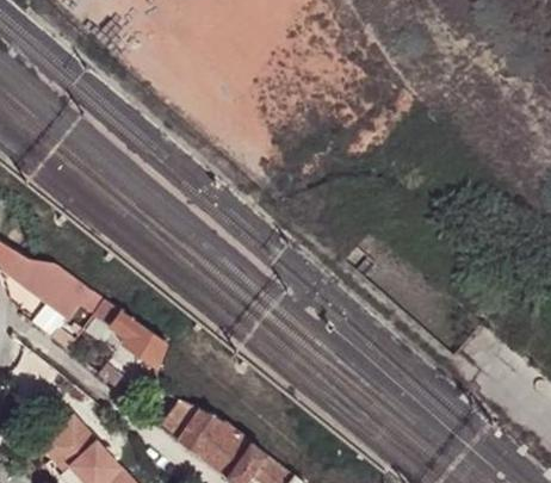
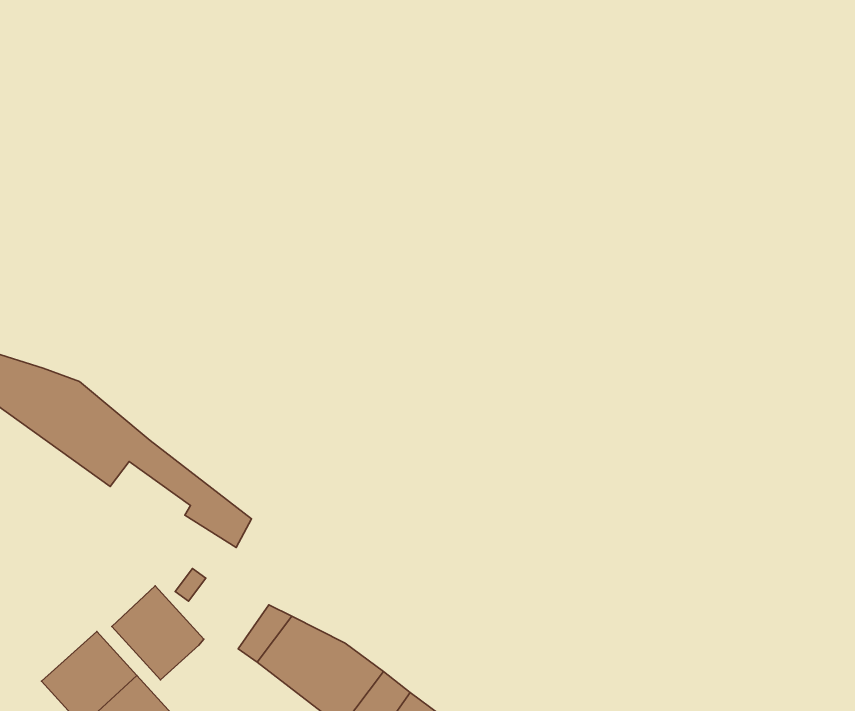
building: none -> [112,586,204,680]

